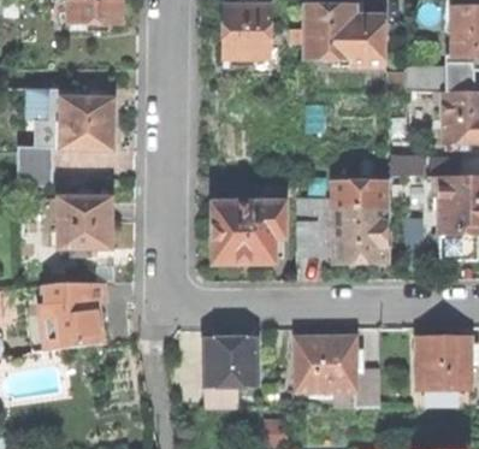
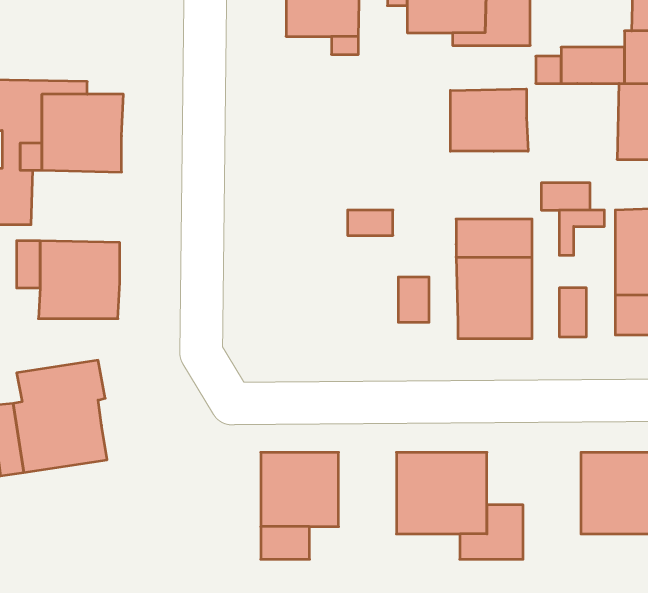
building: none -> [450,89,528,151]
building: [297,197,337,249] -> none
building: [213,200,285,261] -> none

